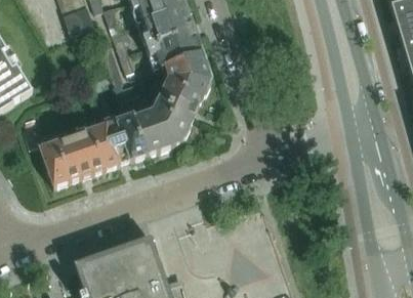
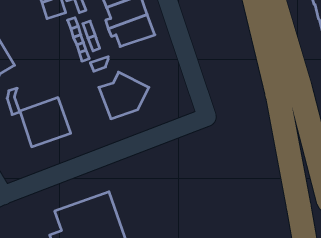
building: [159,51,212,115] -> none
building: [86,111,150,170] -> none

